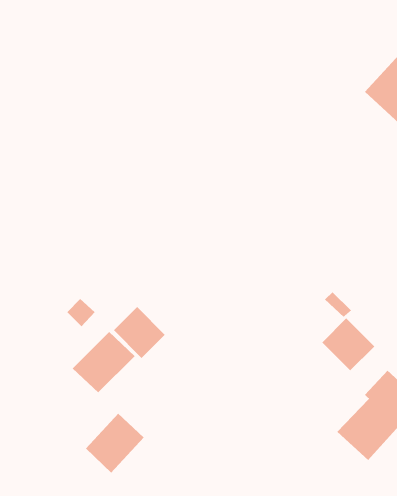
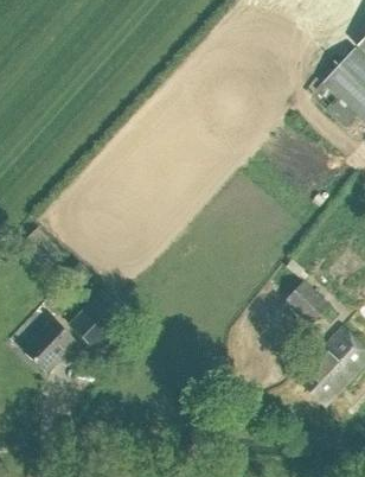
building: [113,306,166,359] -> none
building: [85,413,144,473] -> [23,318,73,370]

